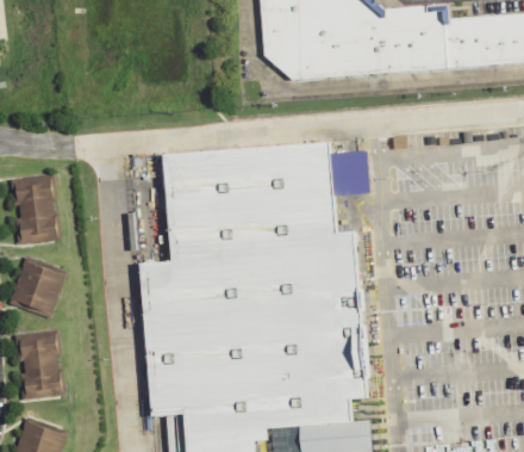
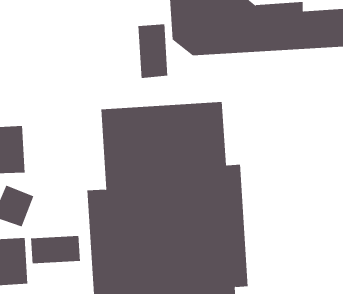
building: none -> [138,24,168,79]
building: none -> [31,235,80,264]

